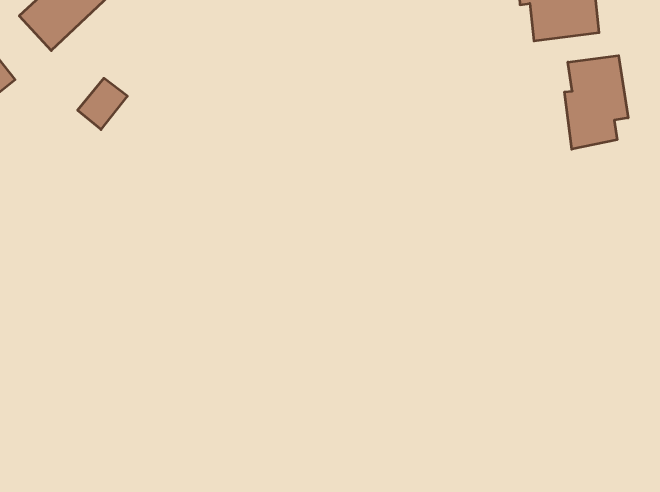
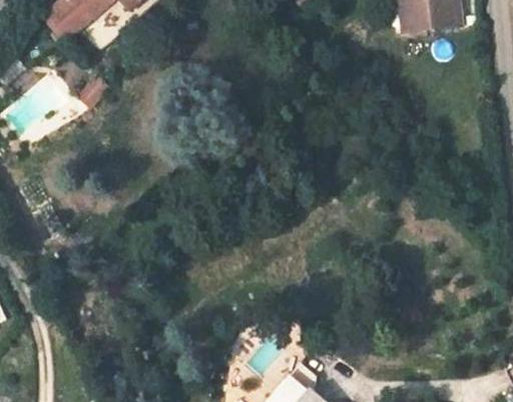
building: [565,56,628,149] -> none

